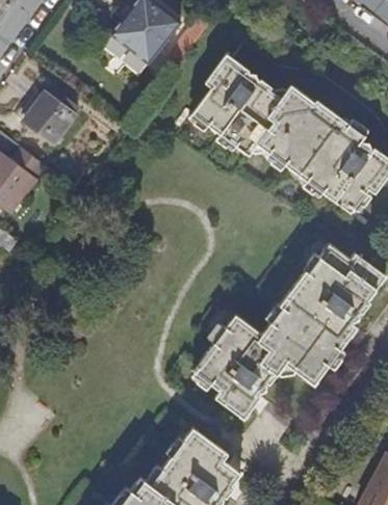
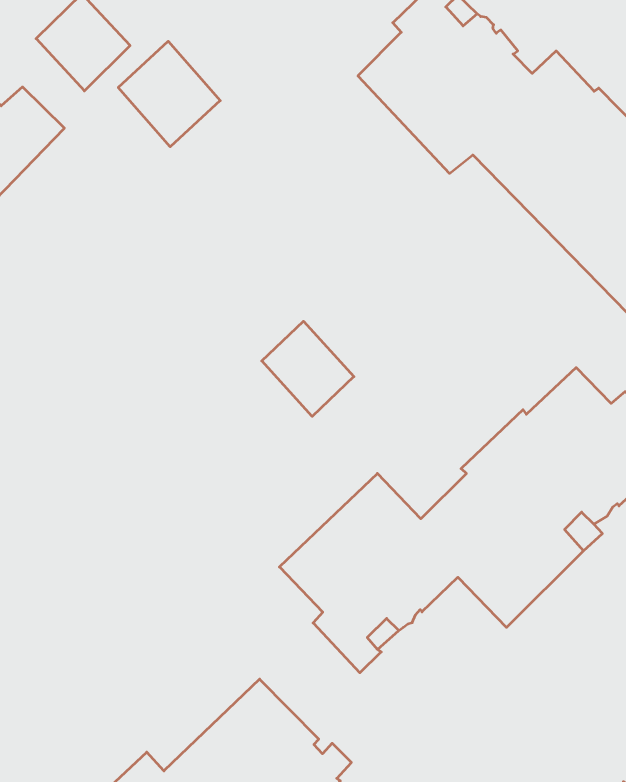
building: none -> [118,41,220,147]
building: none -> [262,321,354,416]

